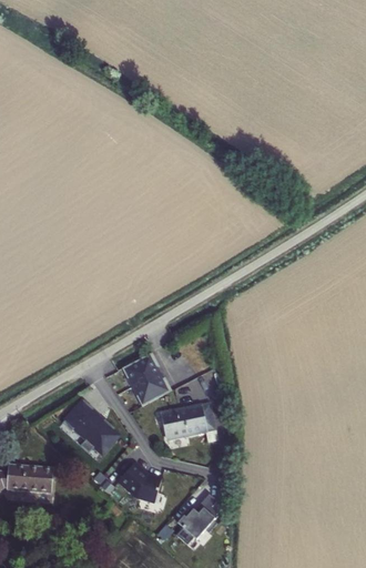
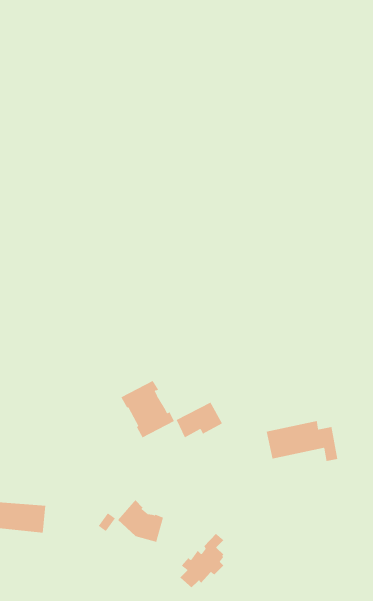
building: [61,400,119,455] -> none
building: [161,404,227,442] -> [266,421,338,461]

